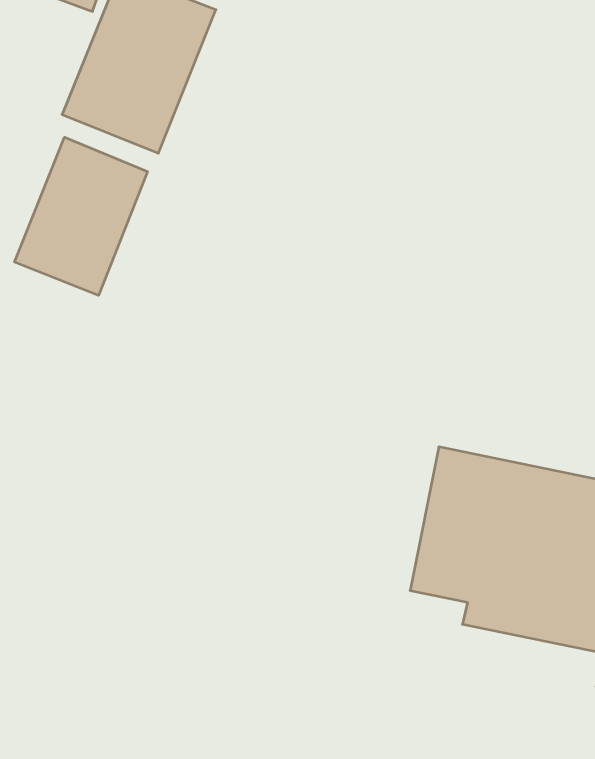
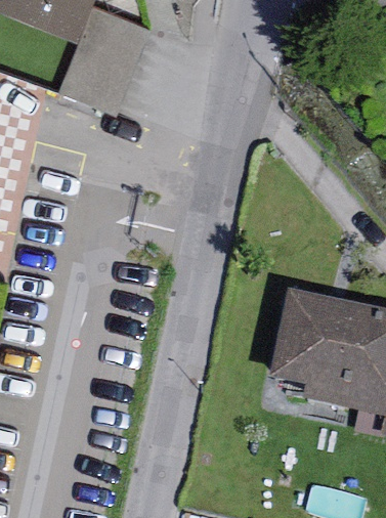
building: [15,137,147,295] -> none

